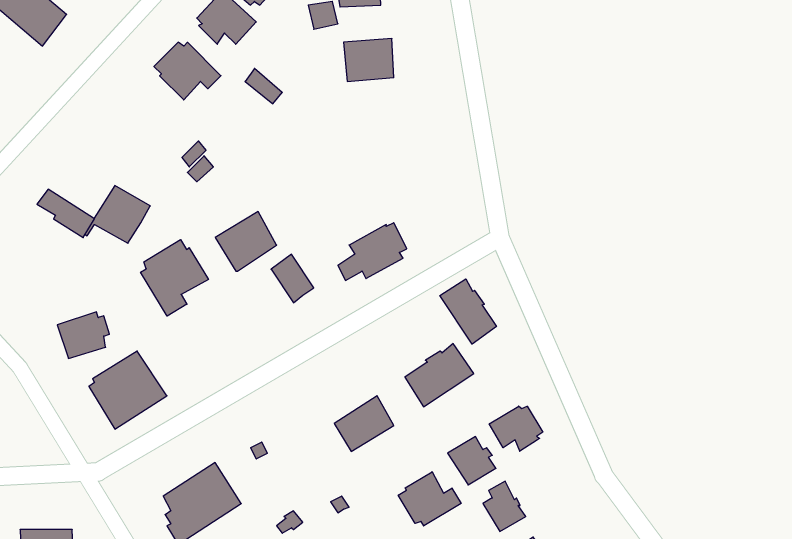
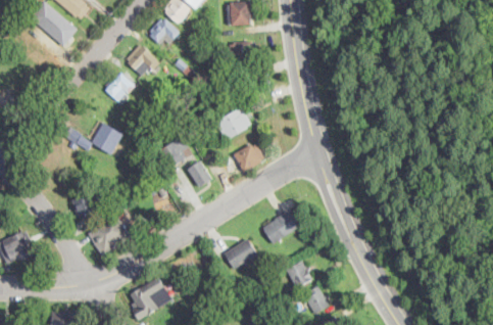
building: none -> [104,73,135,101]
building: none -> [215,107,251,139]
building: [141,240,208,316] -> none
building: [440,279,496,344] -> none
building: [489,406,543,451] -> none
building: [398,472,461,526] -> none

